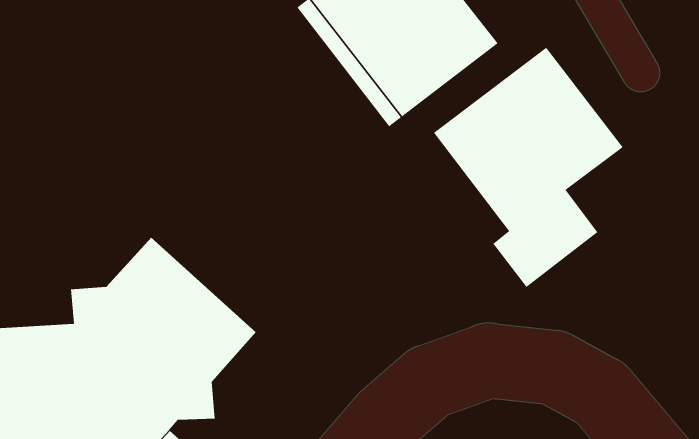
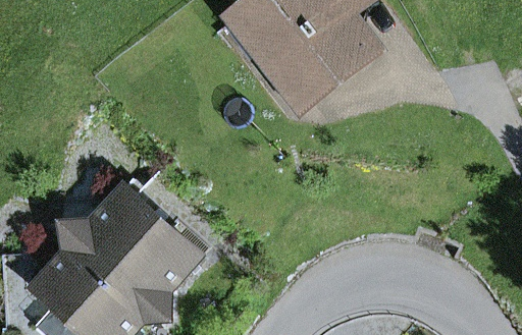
building: [433,47,624,288] -> none

